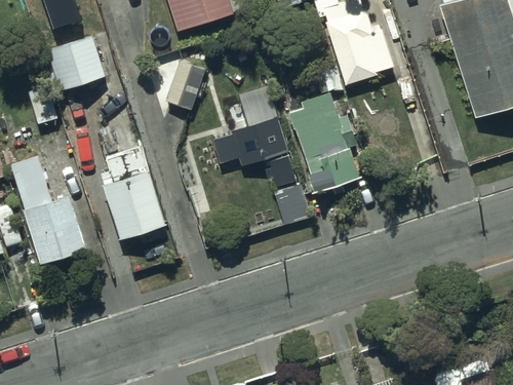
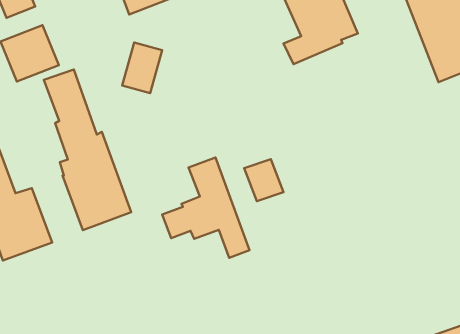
building: [215,86,299,185] -> [162,157,250,258]
building: [294,92,362,191] -> none

